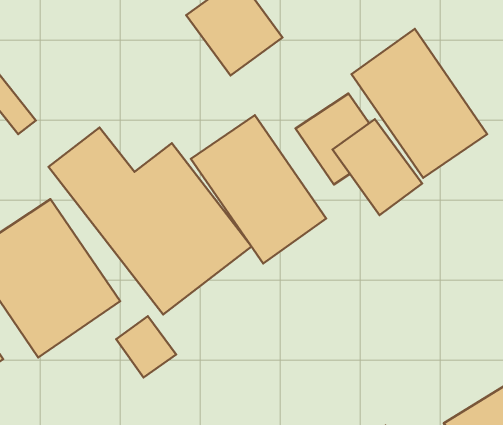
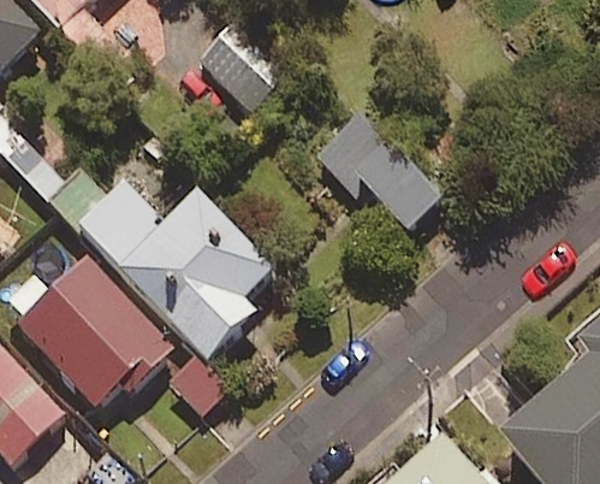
building: [352,29,487,178] -> none
building: [191,115,326,264] -> none

